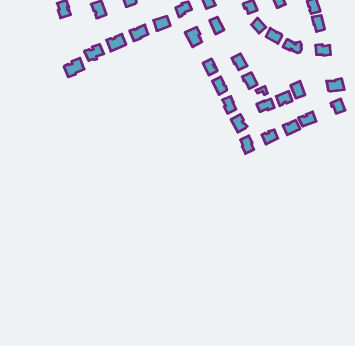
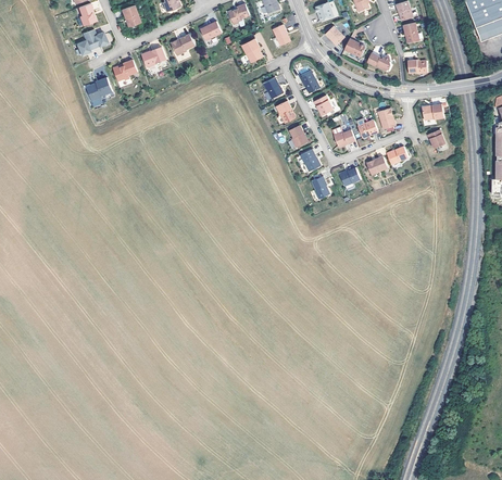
building: none -> [76,29,108,55]

